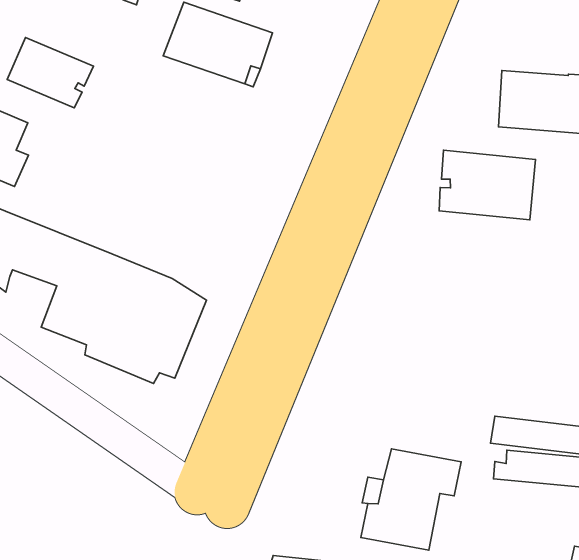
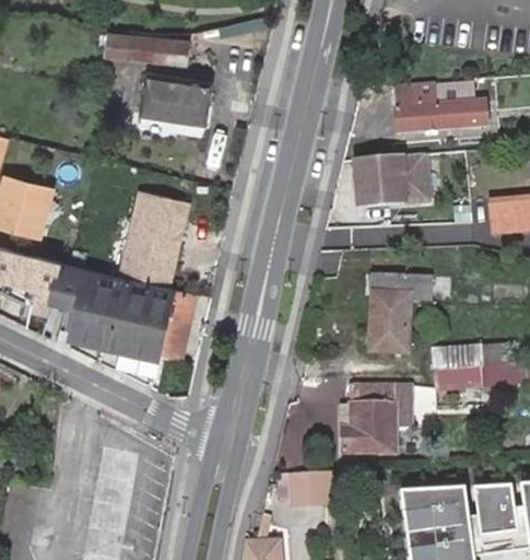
building: [7,38,94,108] -> none
building: none -> [122,189,189,284]
building: none -> [368,275,427,351]

